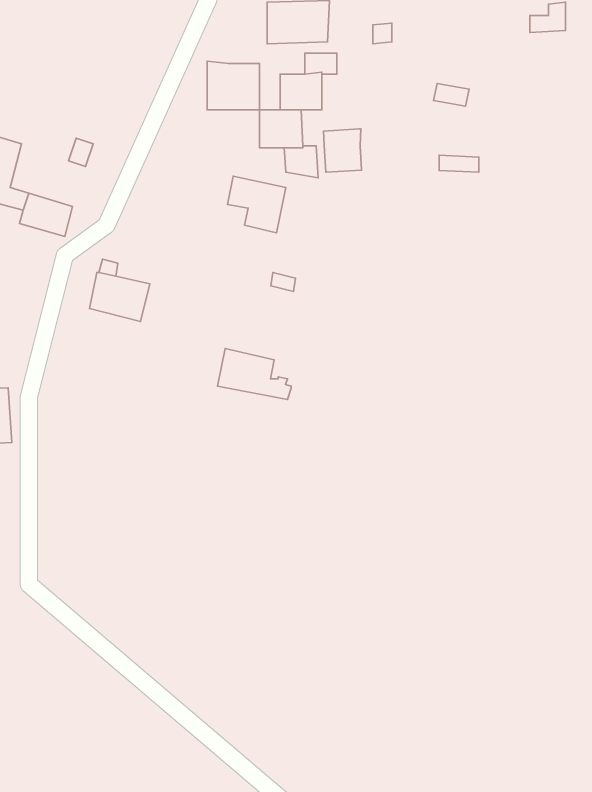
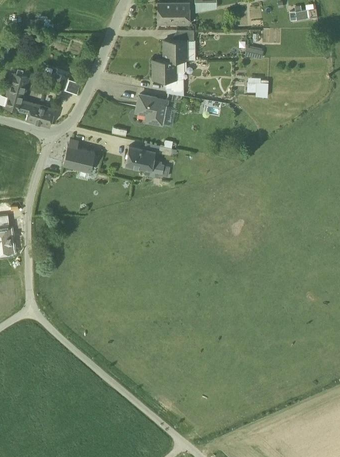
building: [207,61,260,110] -> none
building: [323,129,361,172] -> none
building: [218,348,291,400] -> [125,145,164,172]

